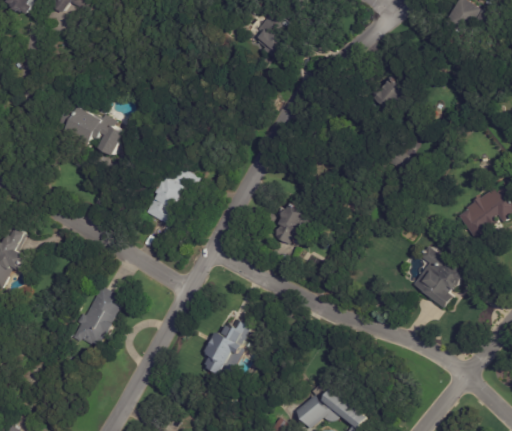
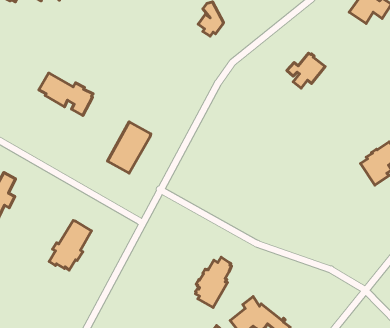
building: [274,202,317,243] -> none
building: [413,245,468,308] -> none
building: [203,317,248,380] -> [196,257,232,308]

